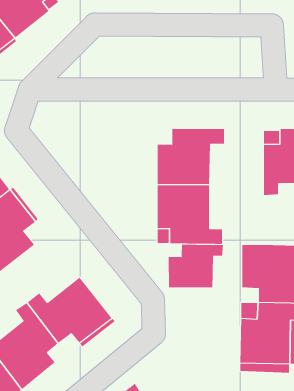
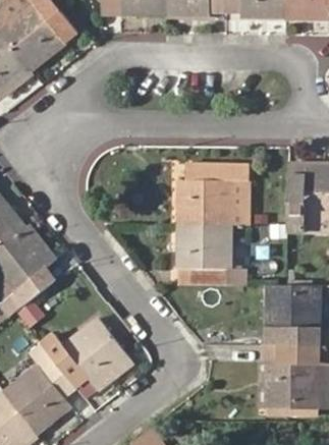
building: none -> [232,180,253,222]
building: [168,244,223,288] -> none

